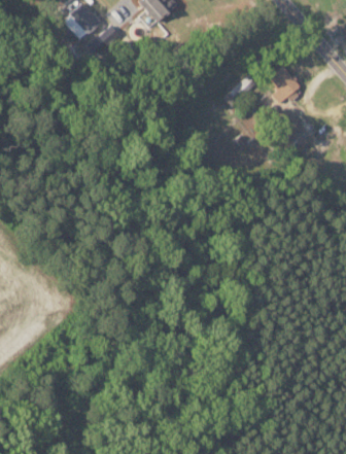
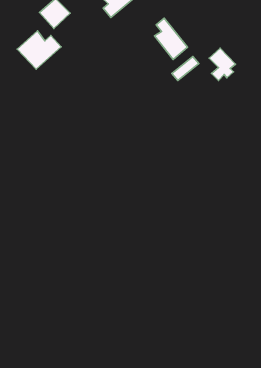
building: none -> [155,18,187,59]
building: none -> [17,31,61,69]

